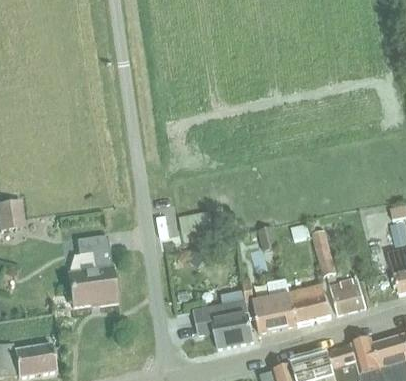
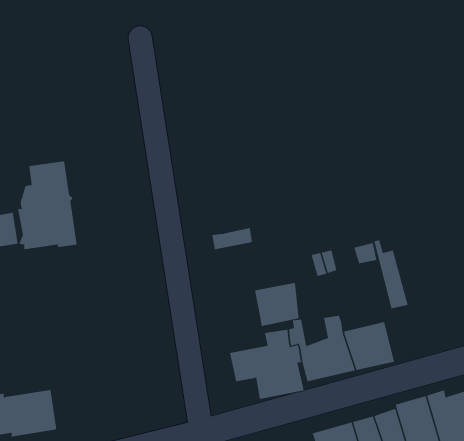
building: [68,234,117,305] -> [17,161,77,250]
building: none -> [255,282,299,327]
building: [325,277,362,314] -> none

